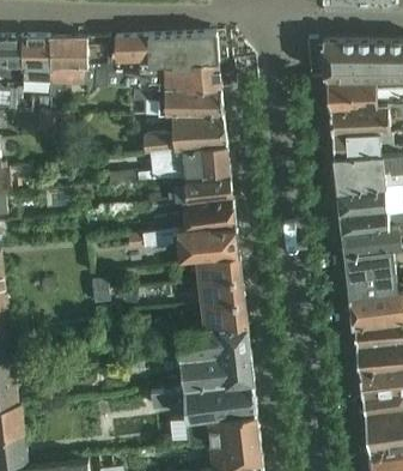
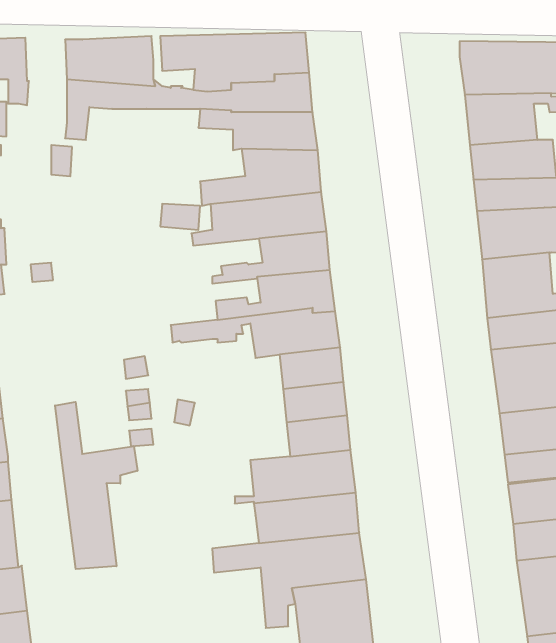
building: [16,37,50,93] -> none
building: none -> [55,402,137,569]

